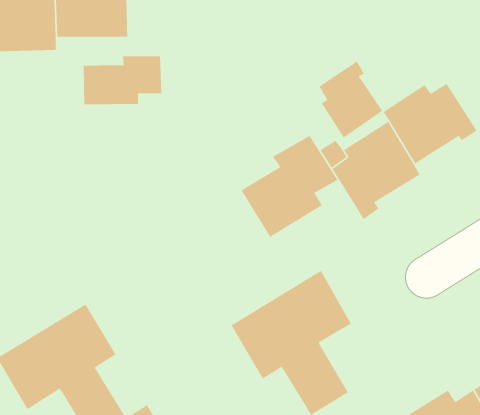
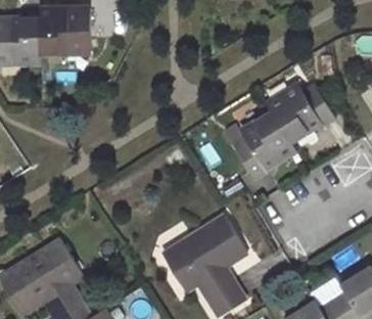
building: [83,55,162,105] -> none
building: [318,61,383,138] -> none
building: [240,135,338,238] -> none

